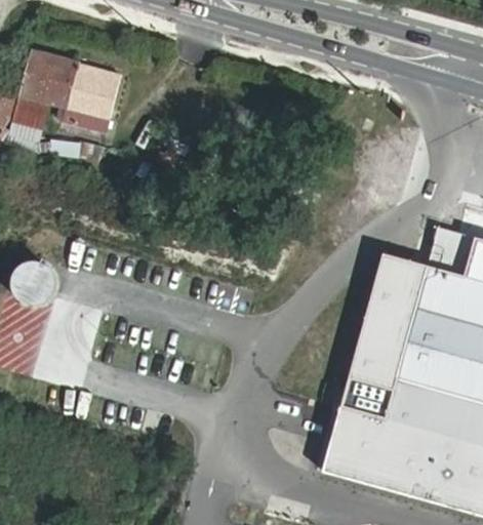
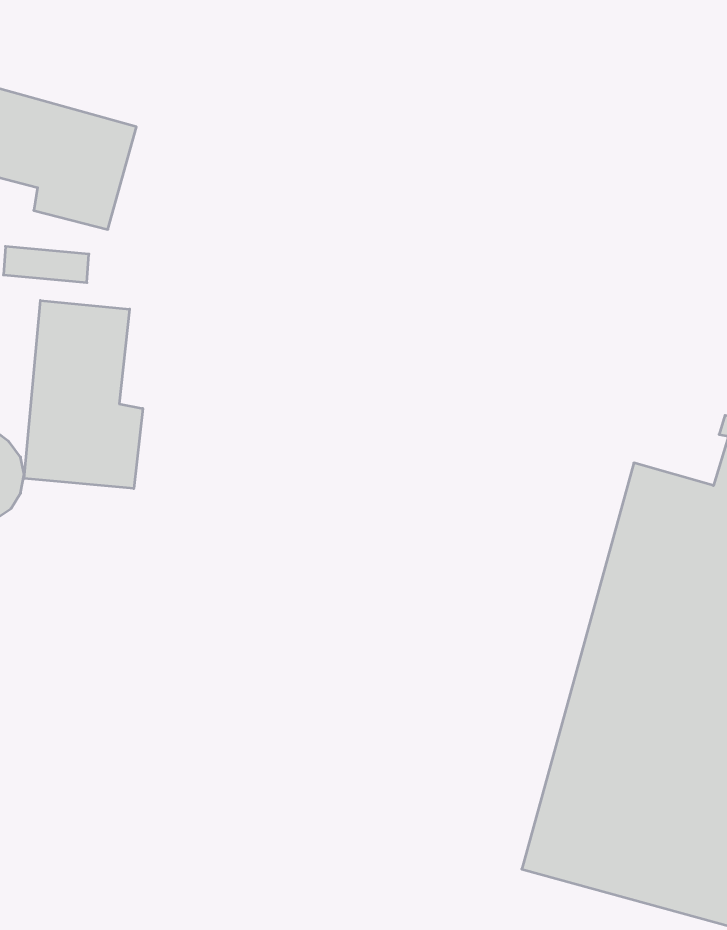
building: none -> [24,300,143,489]

